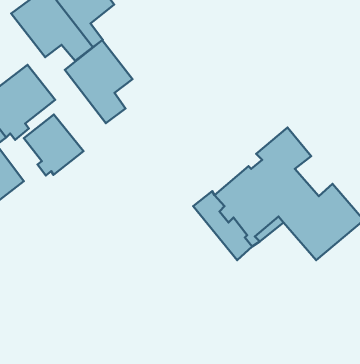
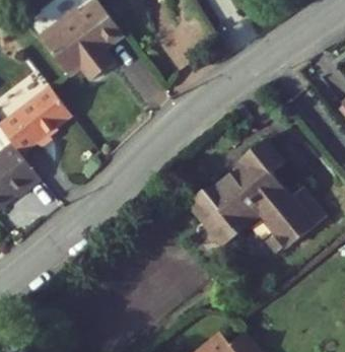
building: [65,40,132,123] -> none
building: [24,114,84,176] -> none

